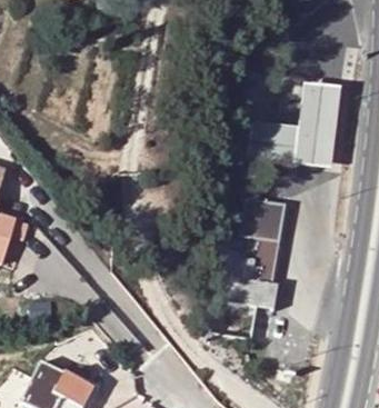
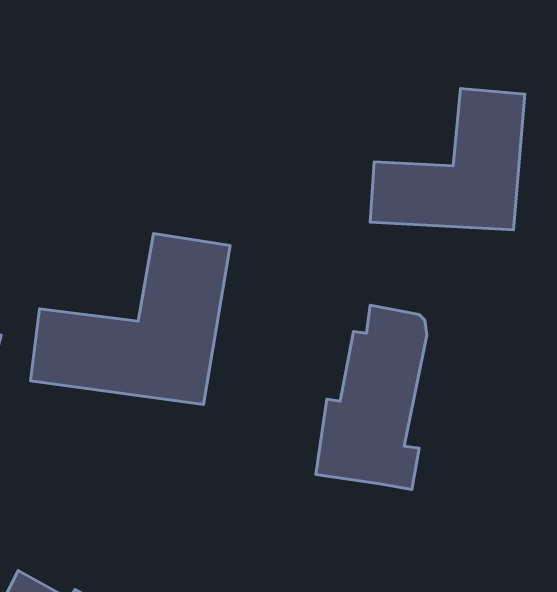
building: none -> [30,233,230,405]

